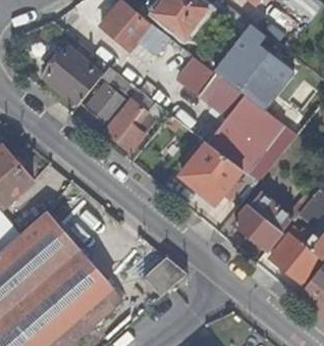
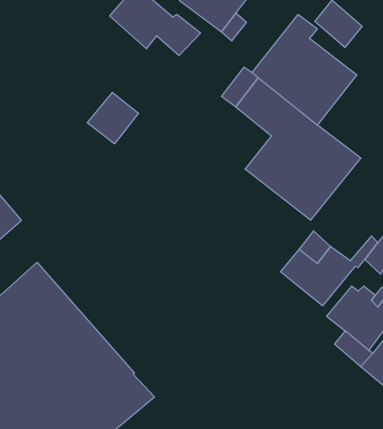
building: [43,45,102,103] -> none
building: [102,97,142,150] -> none
building: [180,141,257,203] -> none
building: [143,255,186,296] -> none

